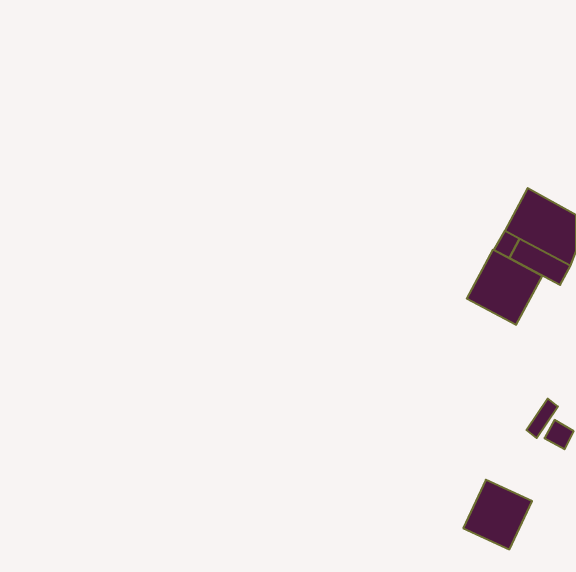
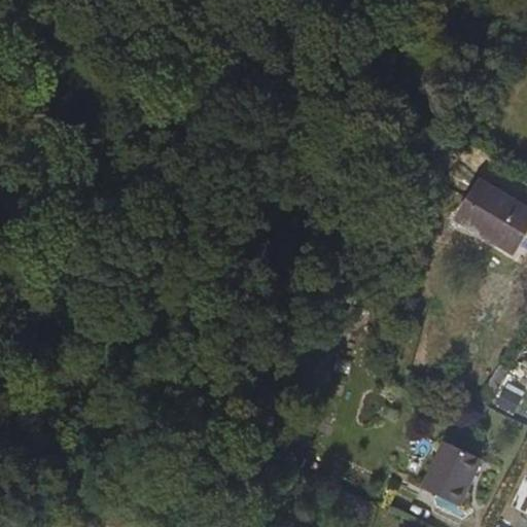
building: [467,250,542,325] -> none

